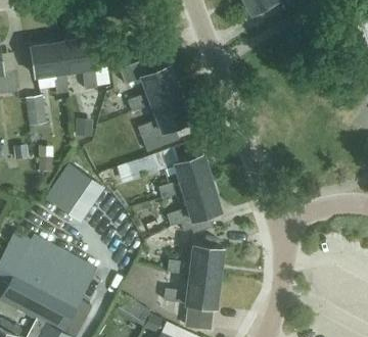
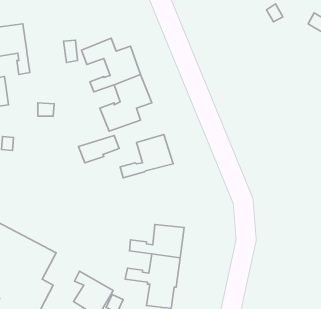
building: [60,39,96,89] -> none
building: [44,163,104,223] -> none
building: [167,184,220,233] -> none

